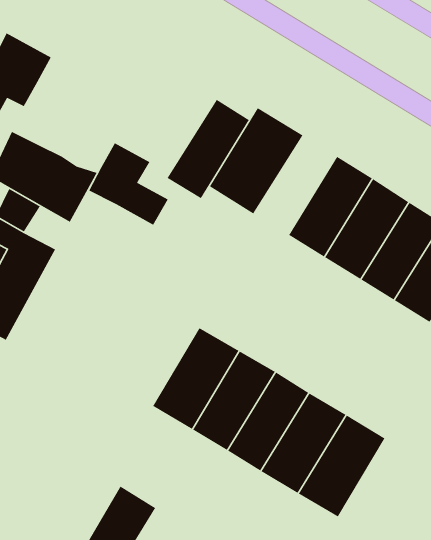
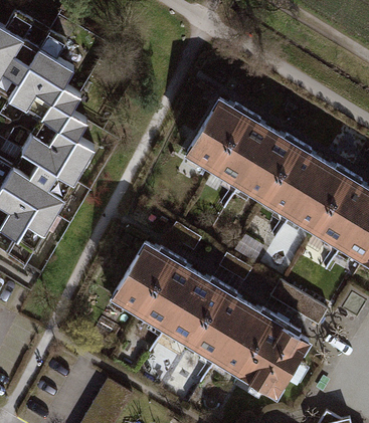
building: [167,99,250,199] -> [210,118,270,190]
building: [88,142,169,226] -> [35,79,94,140]
building: none -> [106,237,171,313]

